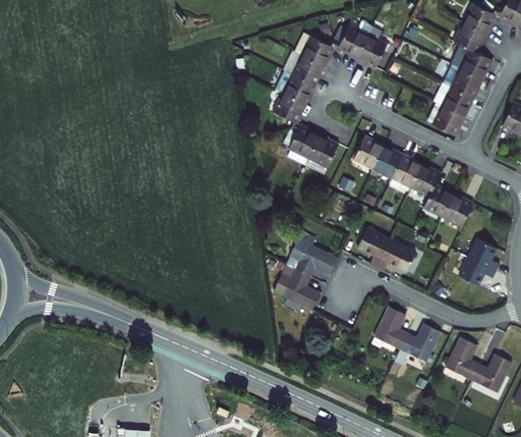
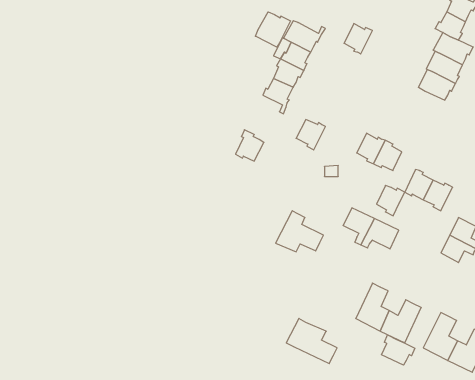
building: none -> [255,12,291,47]
building: [336,23,369,55] -> none
building: [427,101,464,134] -> none
building: [290,121,320,154] -> [236,130,264,161]
building: [353,138,383,169] -> none
building: [410,168,440,200] -> [377,185,405,216]
building: [268,259,321,306] -> [286,318,337,364]
building: none -> [382,335,415,365]

